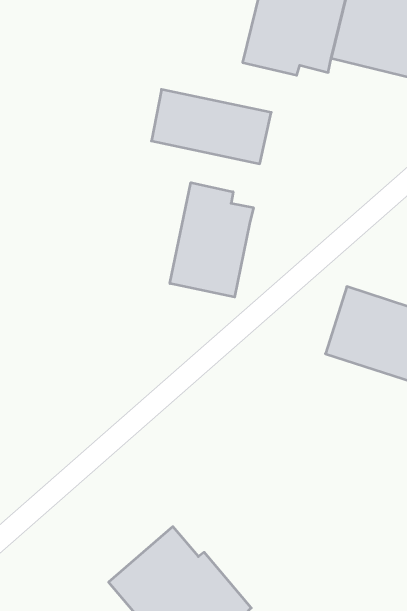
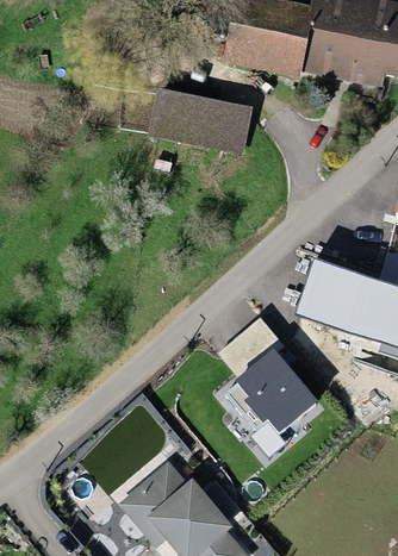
building: [170,183,253,297] -> none
building: none -> [216,314,321,456]

